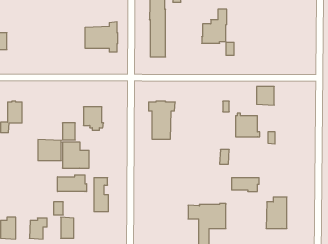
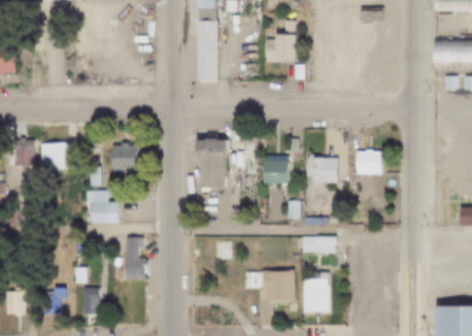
building: [85,22,118,52] -> none
building: [257,87,274,105] -> [360,150,382,174]
building: none -> [263,161,286,182]
building: [38,140,61,161] -> [40,142,70,169]
building: [58,175,87,192] -> none
building: [266,197,287,228] -> [302,272,329,312]

